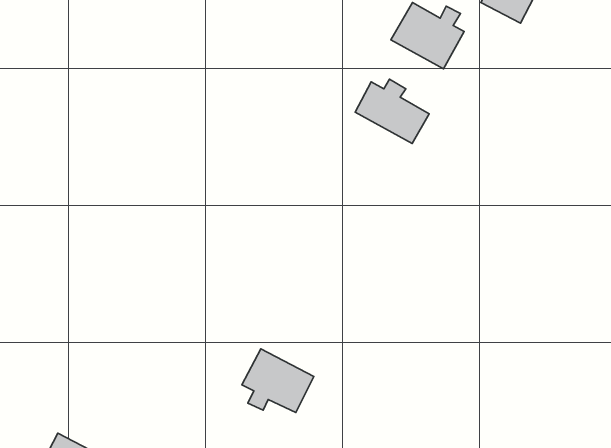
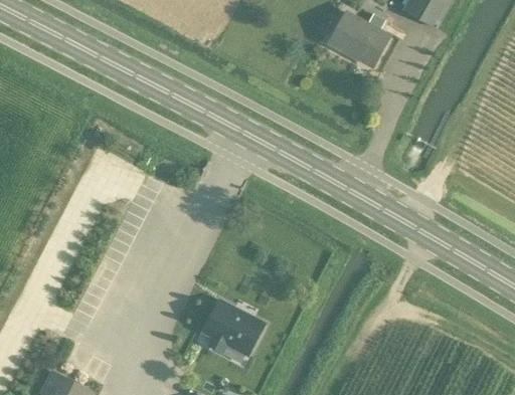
building: [355,79,429,143] -> none

